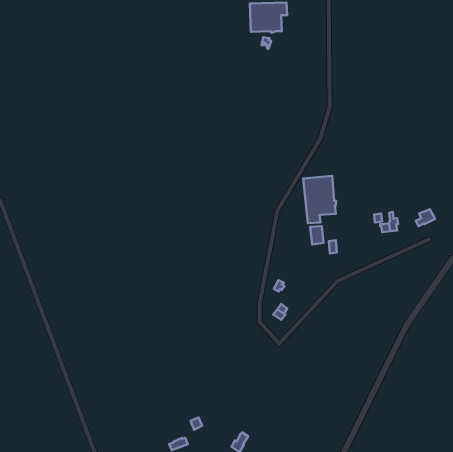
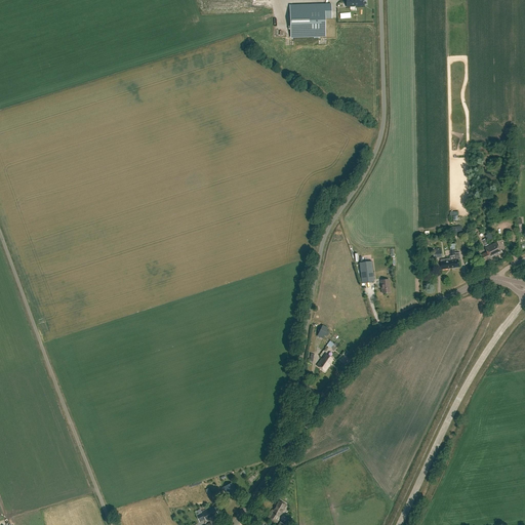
building: [303,176,336,223] -> none

